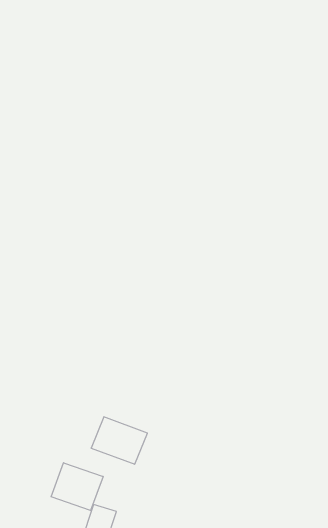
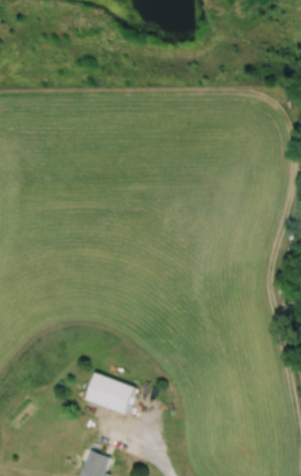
building: [51,463,103,510] -> none

